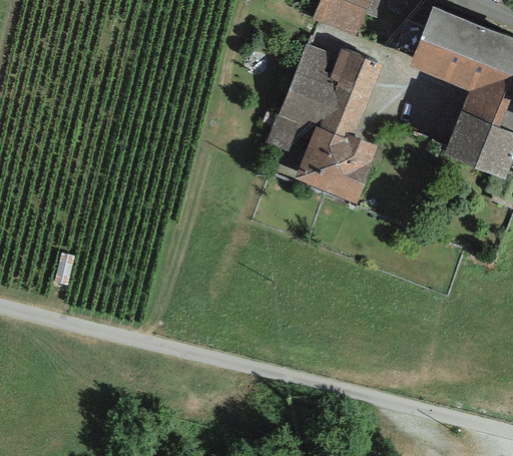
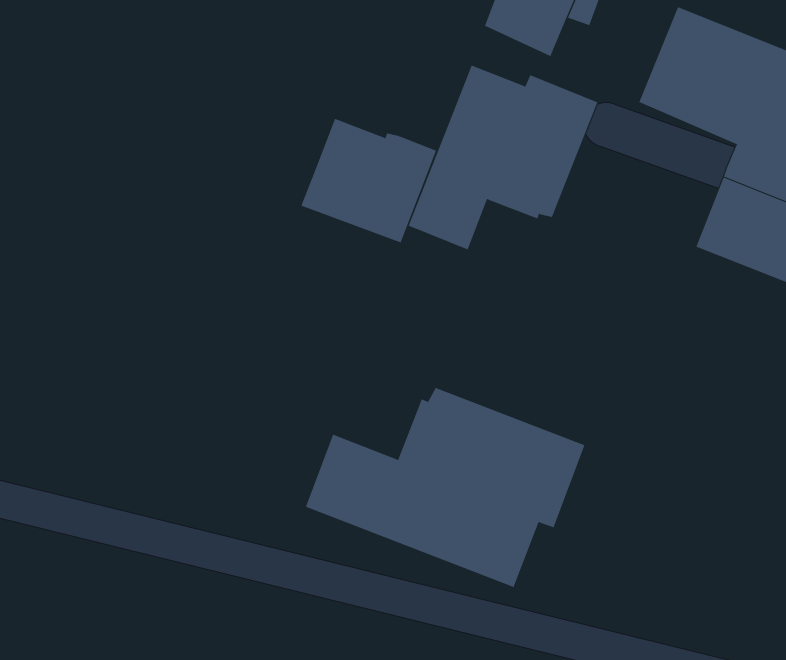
building: [295,125,379,202] -> [300,118,437,243]
building: none -> [305,387,585,588]

